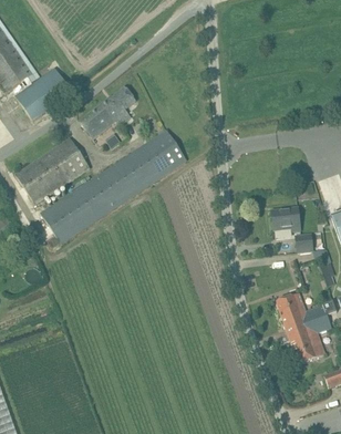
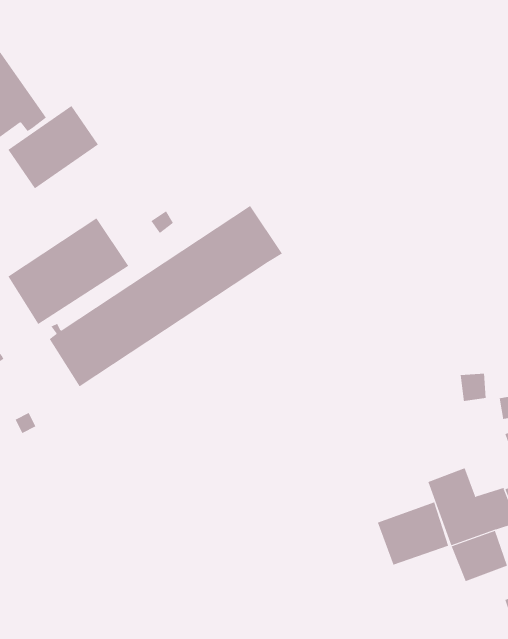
building: [78,87,134,140] -> none
building: [270,208,299,231] -> none
building: none -> [377,501,449,566]

